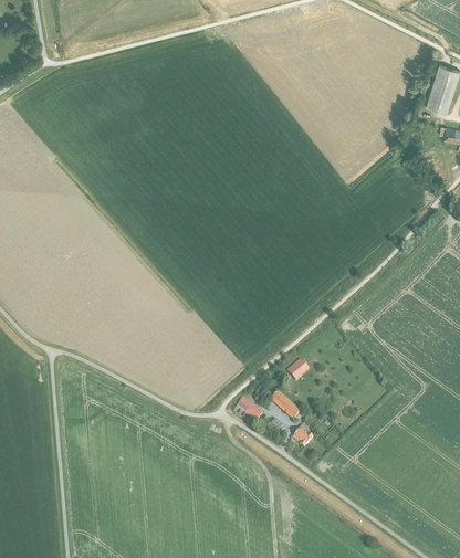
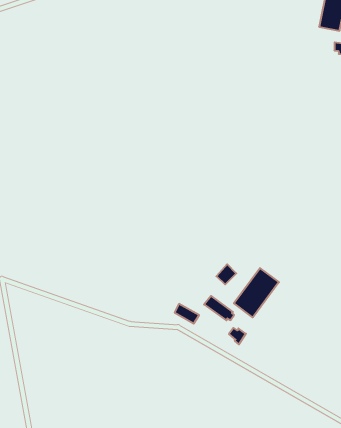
building: none -> [234,268,279,317]

